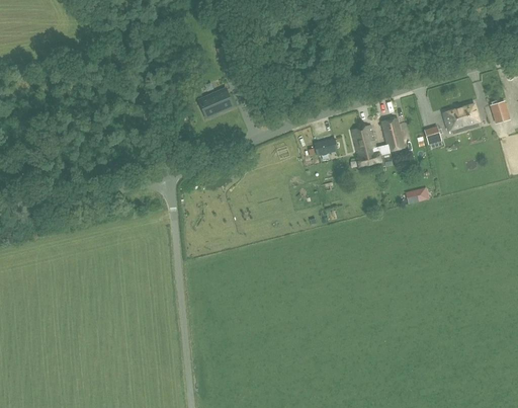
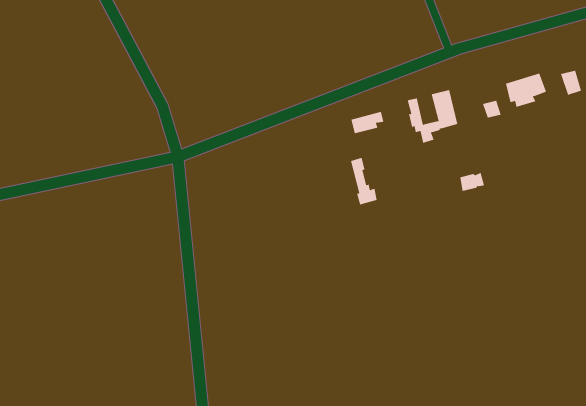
building: [203,88,236,116] -> none
building: [350,126,373,166] -> [350,157,378,205]

